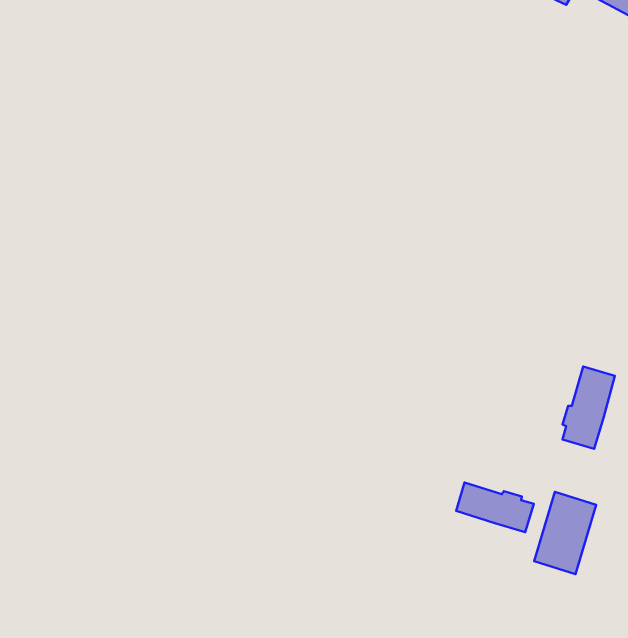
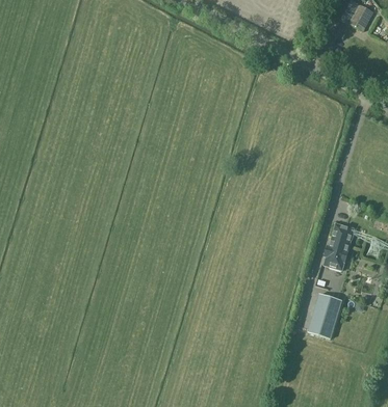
building: [456,483,534,532] -> none

